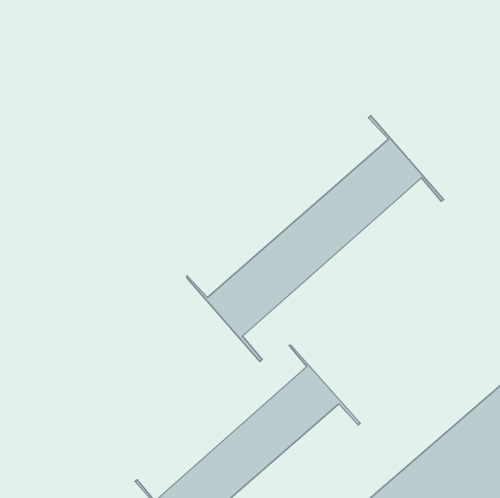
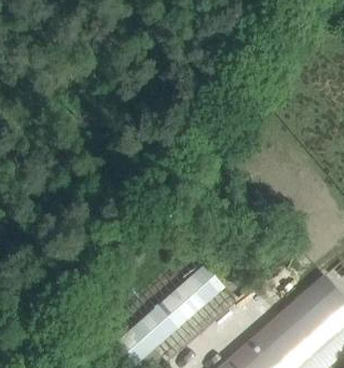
building: [187,116,444,361] -> none

